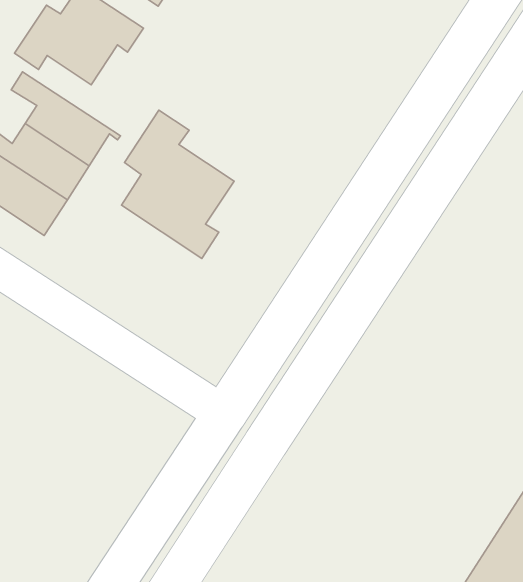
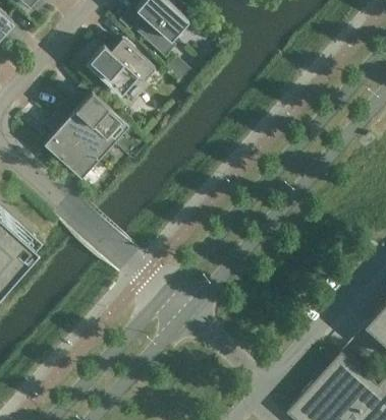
building: [121,110,234,258] -> none

